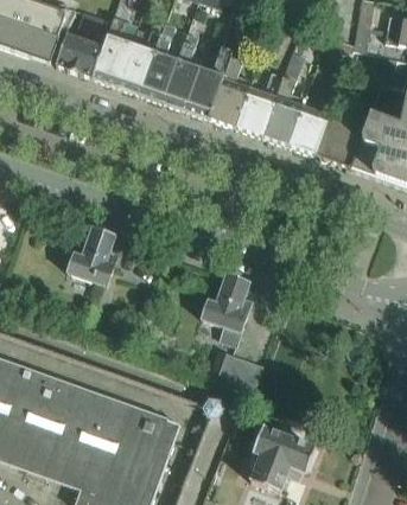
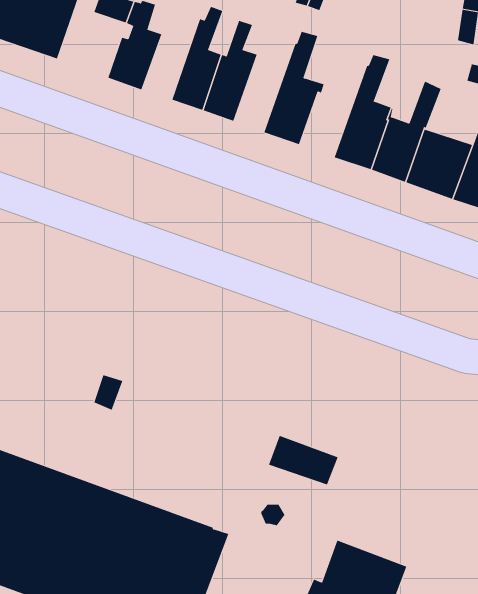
building: [114,27,158,92] -> none
building: [57,34,98,76] -> none
building: [184,46,230,117] -> none
building: [234,63,285,136] -> none
building: [66,229,116,285] -> none
building: [201,275,250,344] -> none

